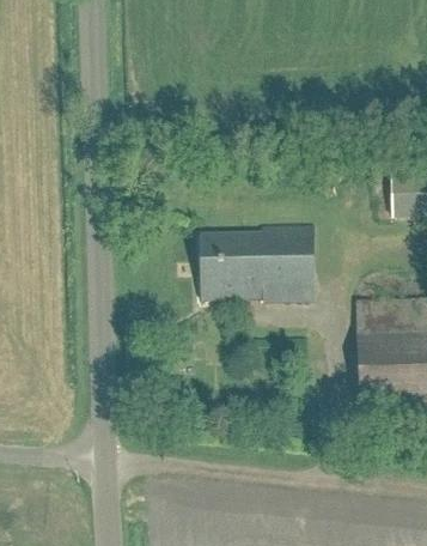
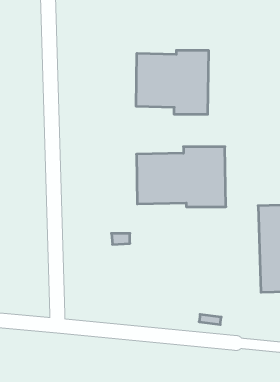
building: none -> [136,50,208,114]

